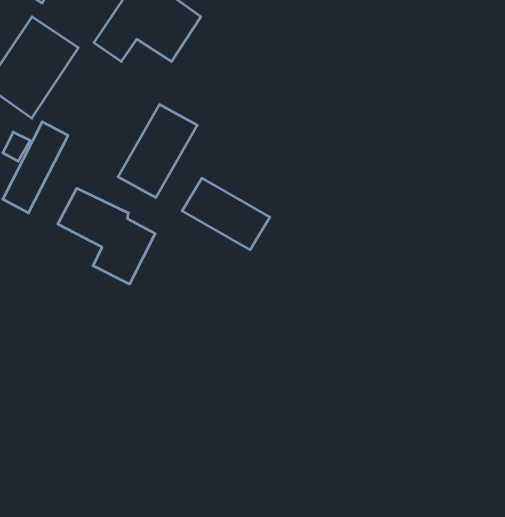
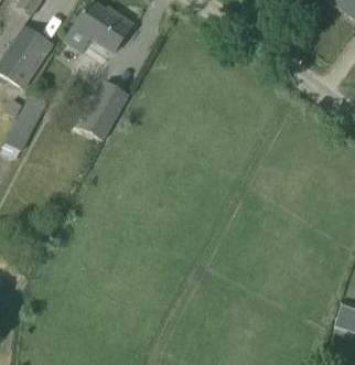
building: [182,178,270,250] -> none
building: [58,188,155,284] -> none

